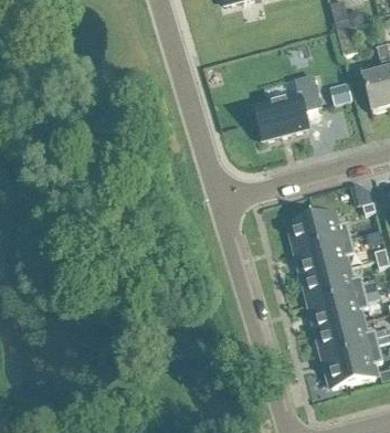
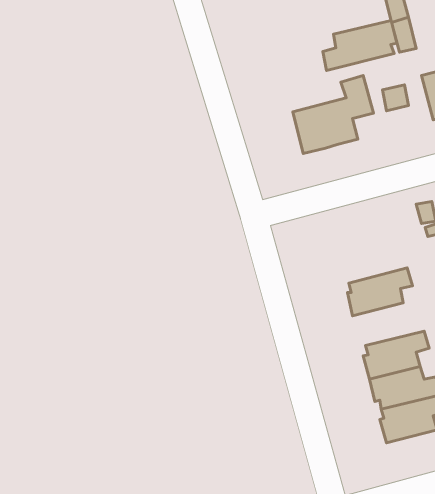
building: none -> [323,21,397,70]
building: [289,211,350,250] -> none
building: [304,266,365,303] -> none

